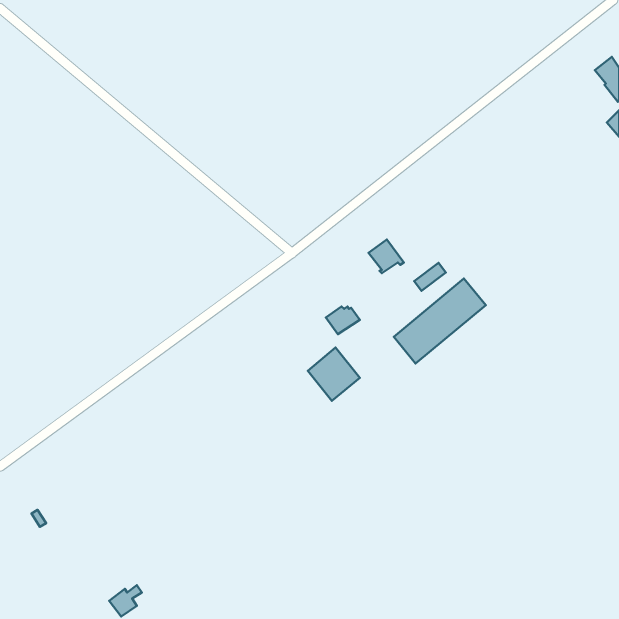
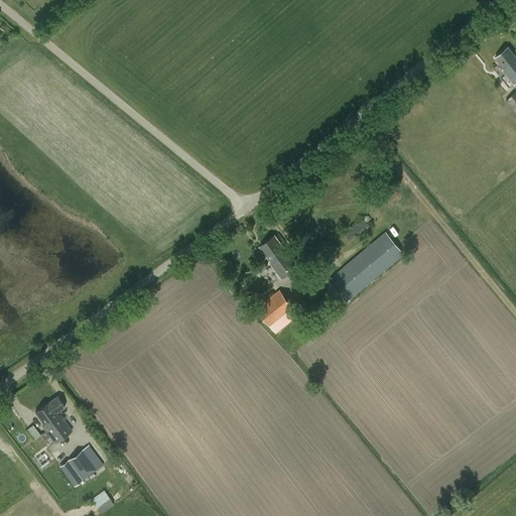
building: [369,239,404,273] -> [260,236,289,264]
building: none -> [35,396,72,443]
building: none -> [59,444,103,486]

